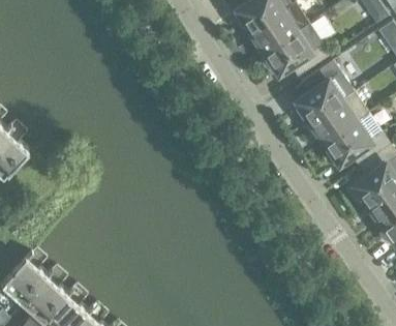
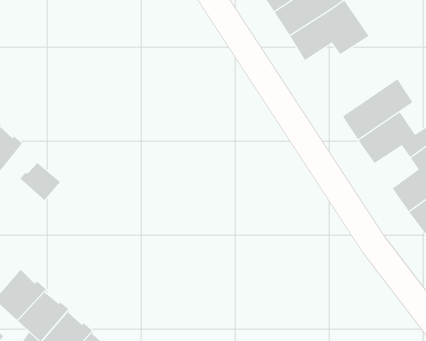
building: [293,61,356,126] -> none
building: none -> [20,160,61,201]

